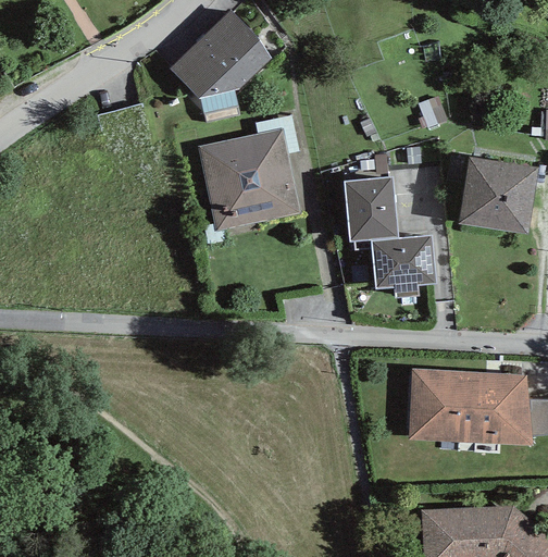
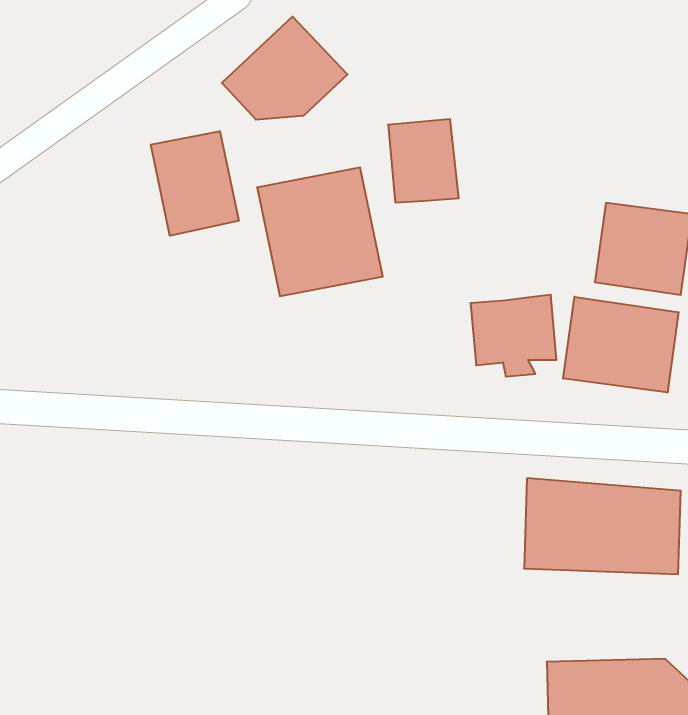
building: none -> [151,131,239,236]
building: [339,172,394,236] -> [388,119,459,202]
building: none -> [563,297,678,393]

